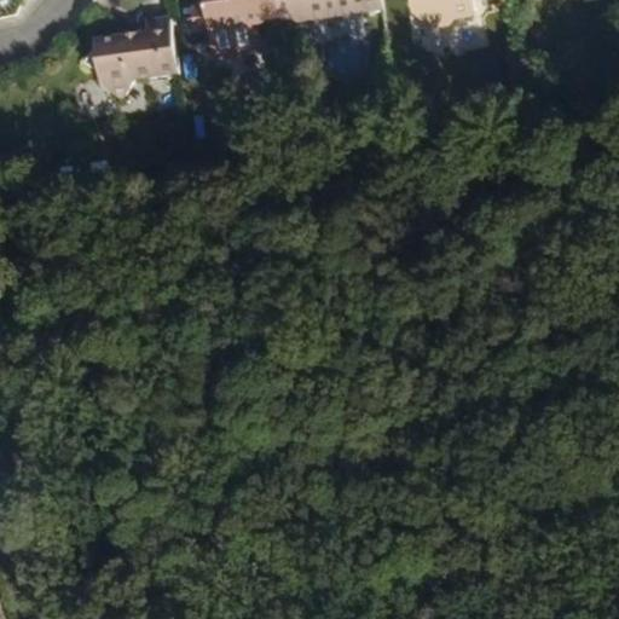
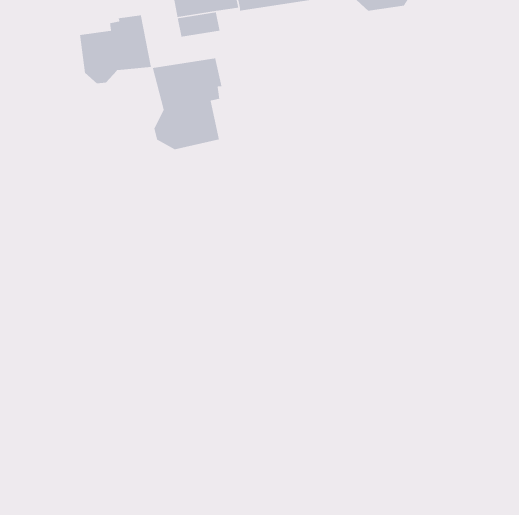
building: none -> [152,58,222,150]

